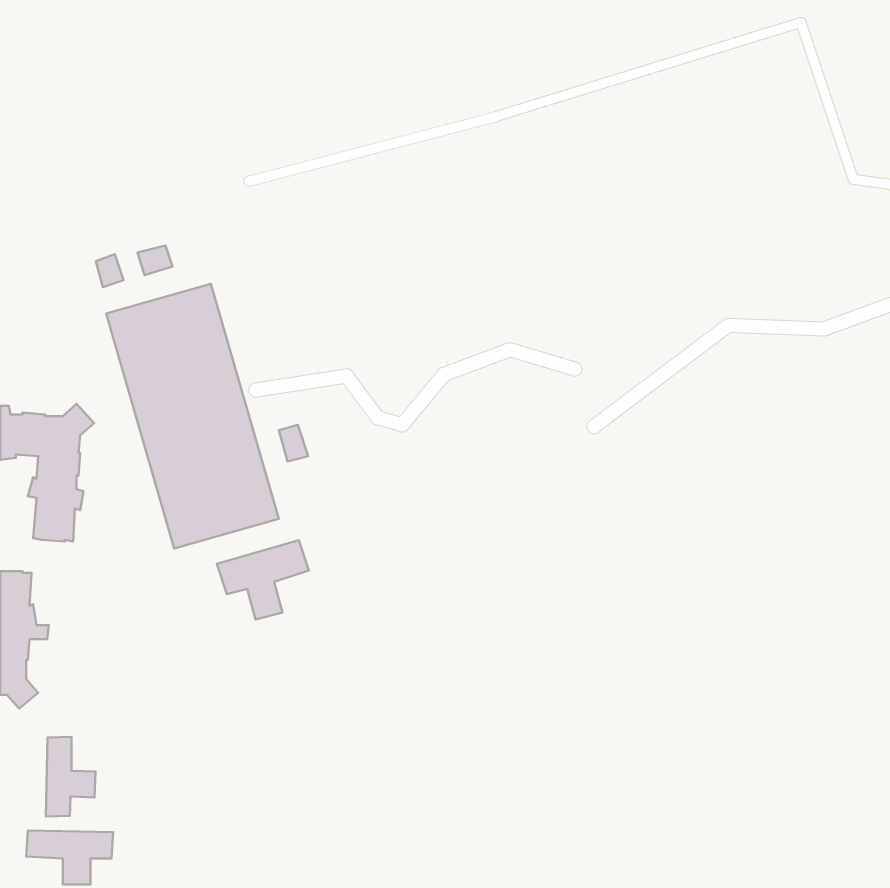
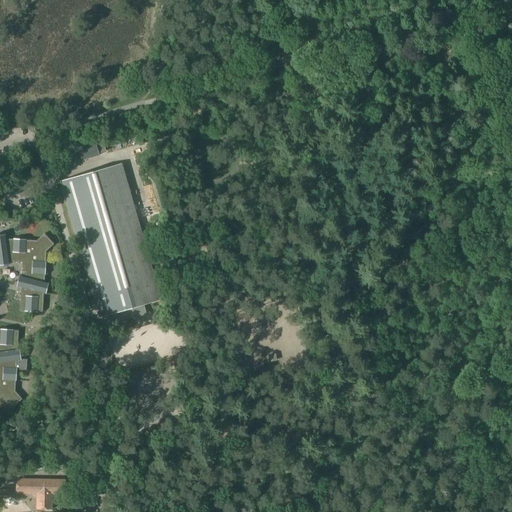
building: [217,540,309,620] -> none
building: [46,737,96,816] -> none

